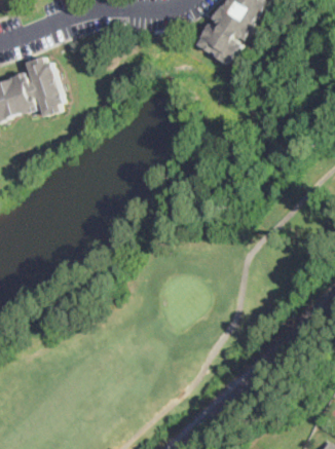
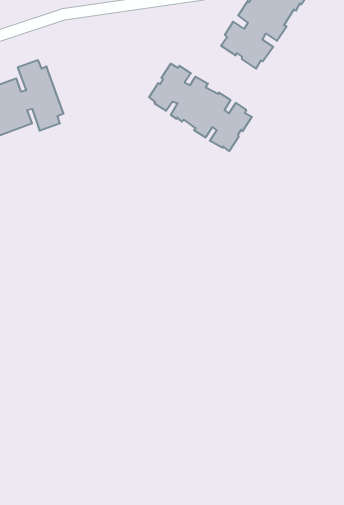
building: none -> [149,64,252,151]

